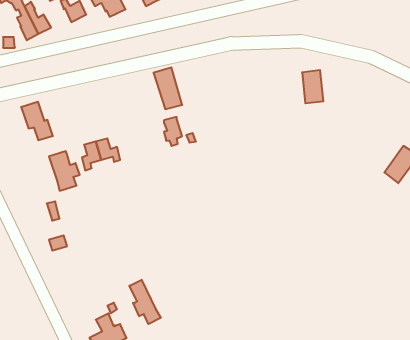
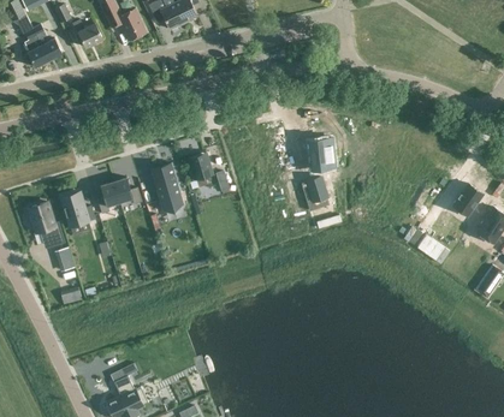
building: [153,68,182,109] -> [150,162,183,209]
building: [302,70,323,103] -> [314,133,338,171]
building: [21,102,53,140] -> [28,201,64,244]
building: none -> [301,175,328,210]
building: [129,280,161,324] -> none

